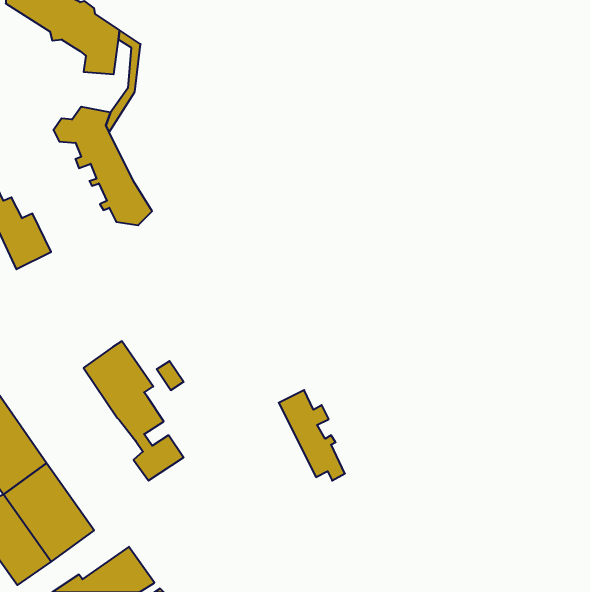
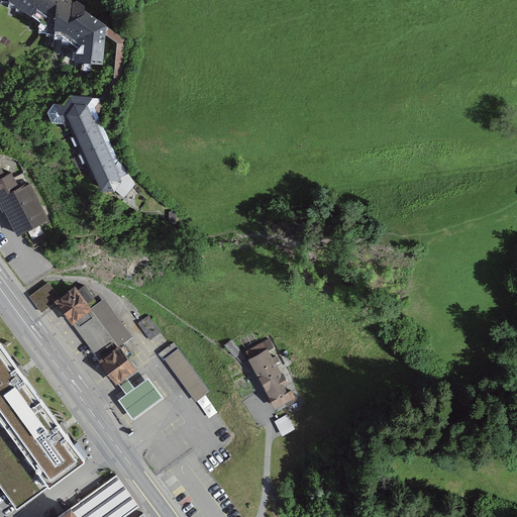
building: none -> [31,281,98,320]
building: none -> [158,340,208,400]

